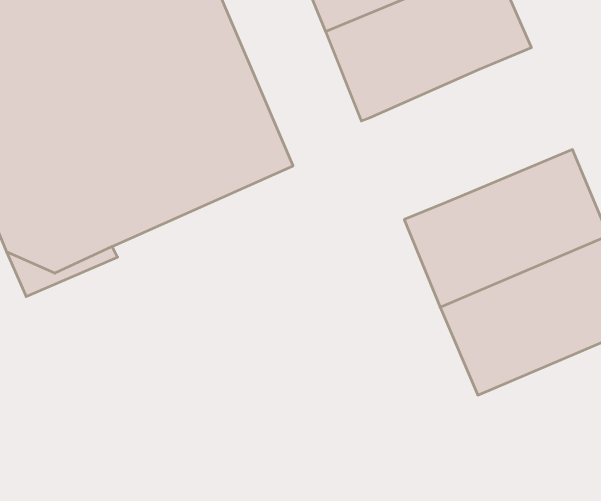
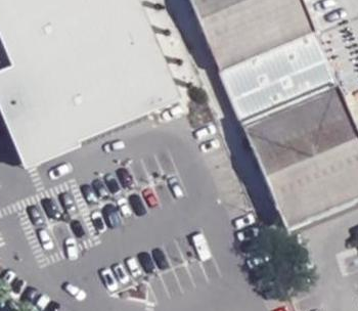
building: none -> [218,29,339,127]

